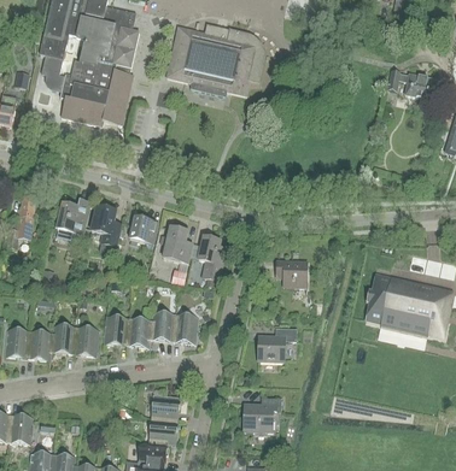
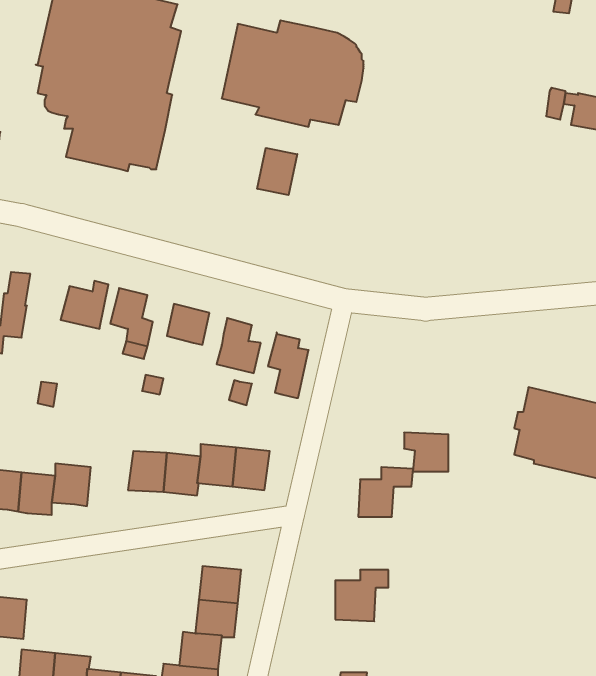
building: none -> [257,148,297,195]
building: [276,259,306,285] -> [404,433,448,472]
building: [75,326,100,355] -> none

